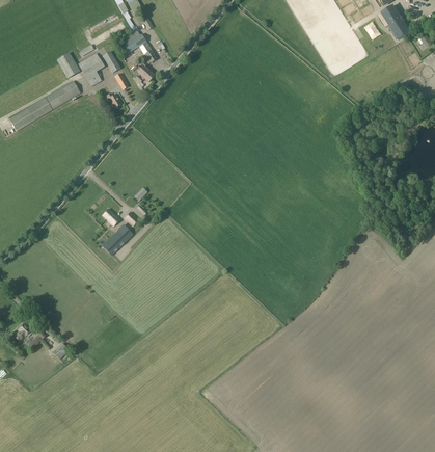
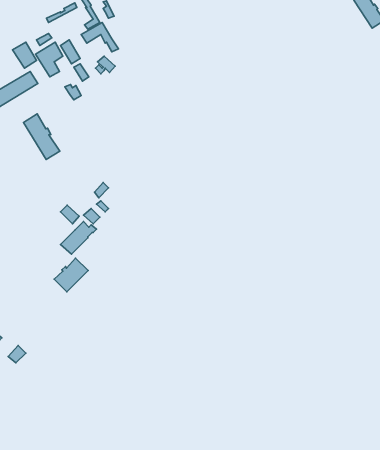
building: none -> [24,114,60,160]
building: none -> [54,258,88,292]

